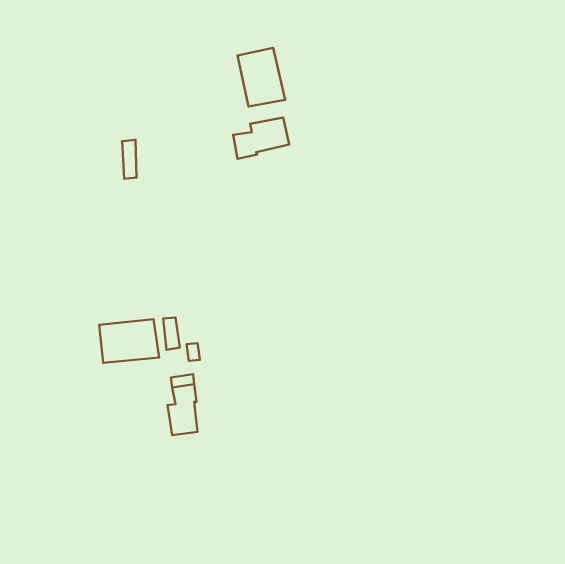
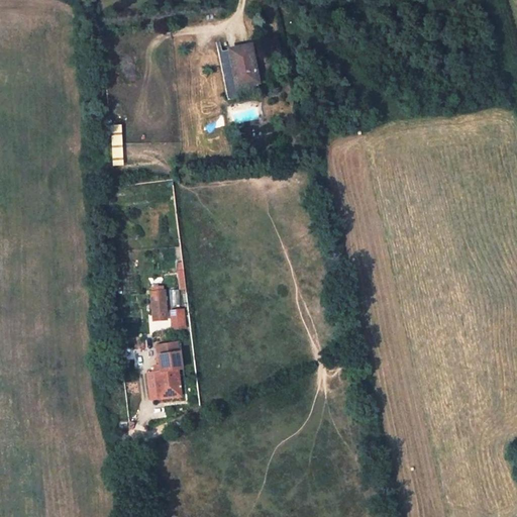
building: [233,117,289,159] -> none
building: [99,319,159,363] -> none

